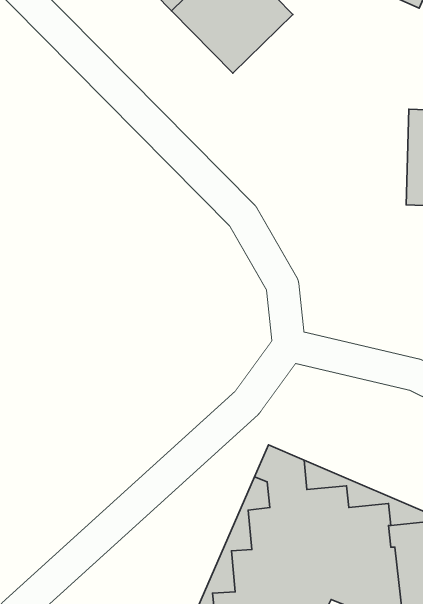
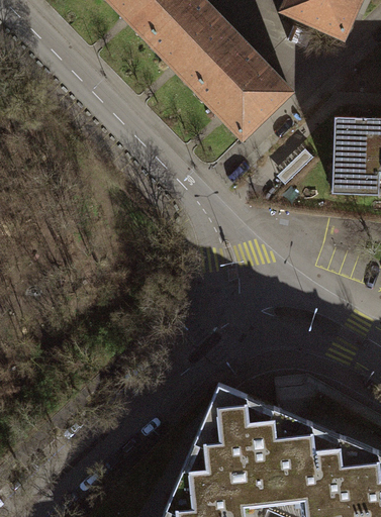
building: none -> [195,43,290,138]

